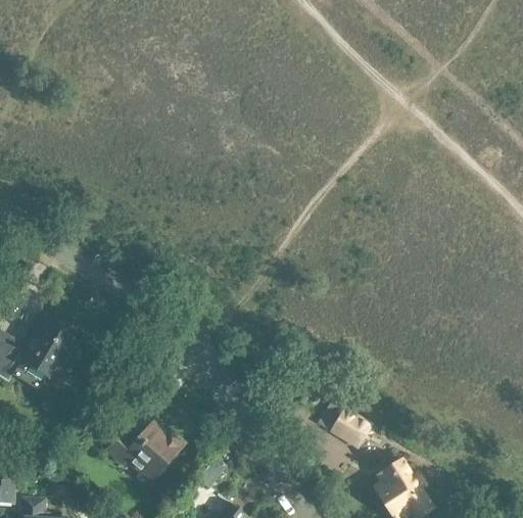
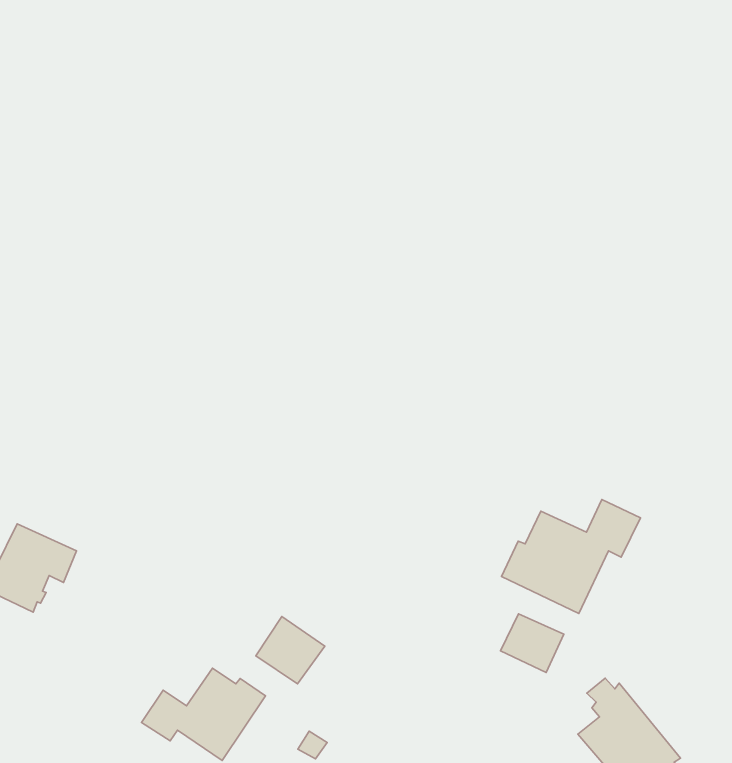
building: none -> [502,499,640,613]
building: none -> [256,617,325,684]

